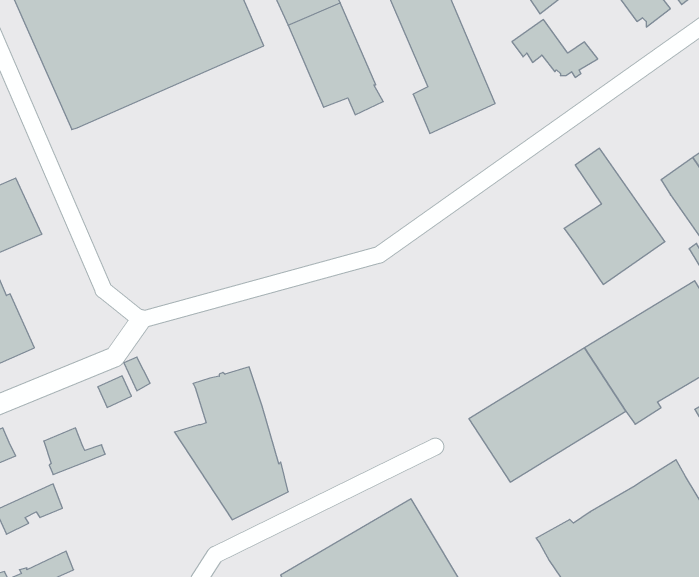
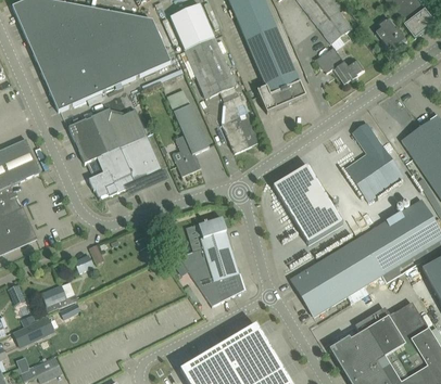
building: none -> [167,88,210,175]
building: none -> [222,93,261,152]
building: none -> [68,107,164,196]
building: none -> [273,164,343,242]
building: [174,367,288,520] -> [178,216,244,305]

